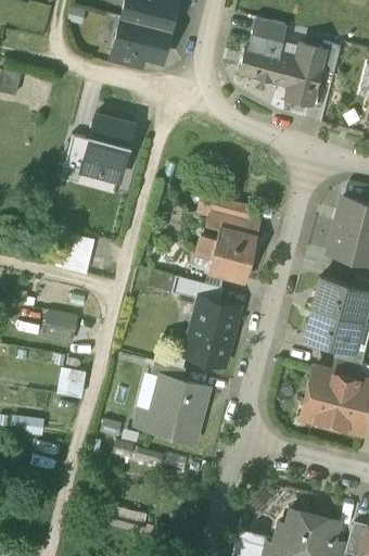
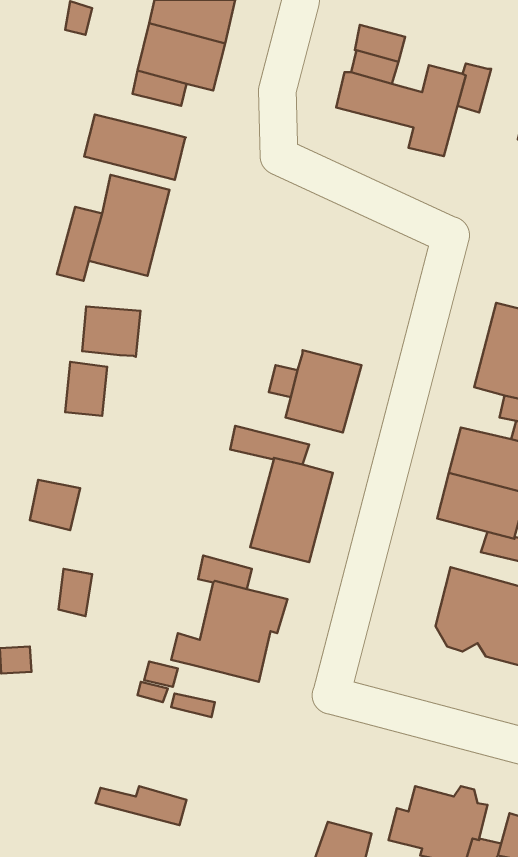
building: none -> [84,114,186,180]
building: [198,193,260,238] -> none
building: none -> [82,306,140,357]

